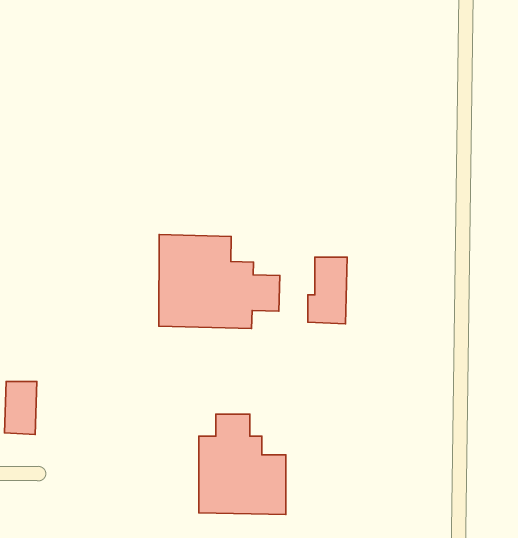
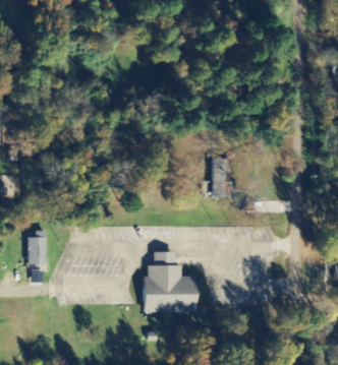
building: [159,235,280,329] -> none

